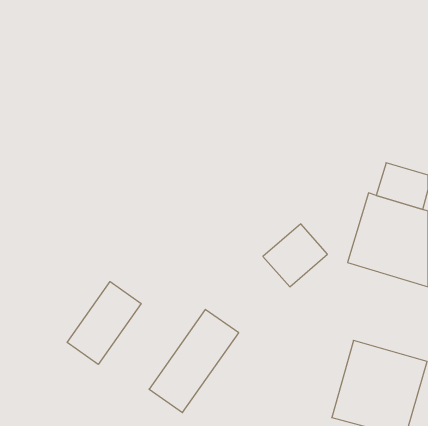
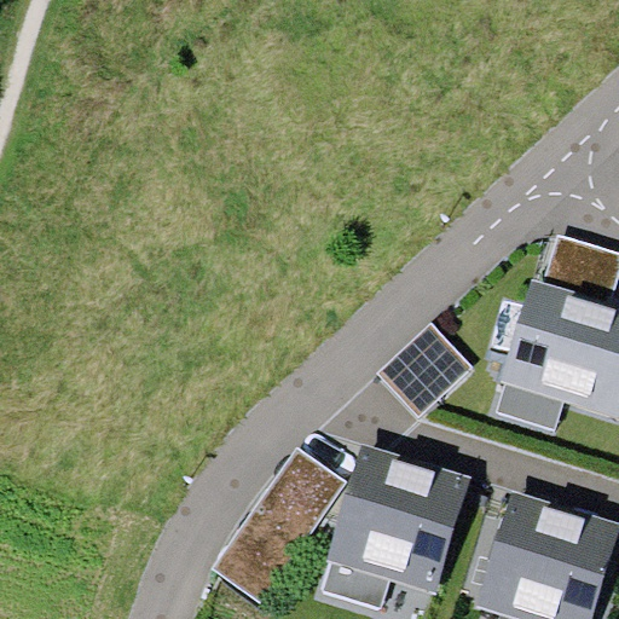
building: [67,282,141,364] -> none
building: none -> [328,447,465,595]

